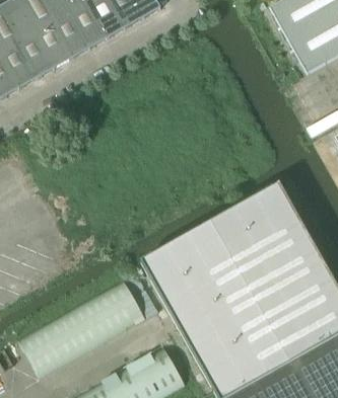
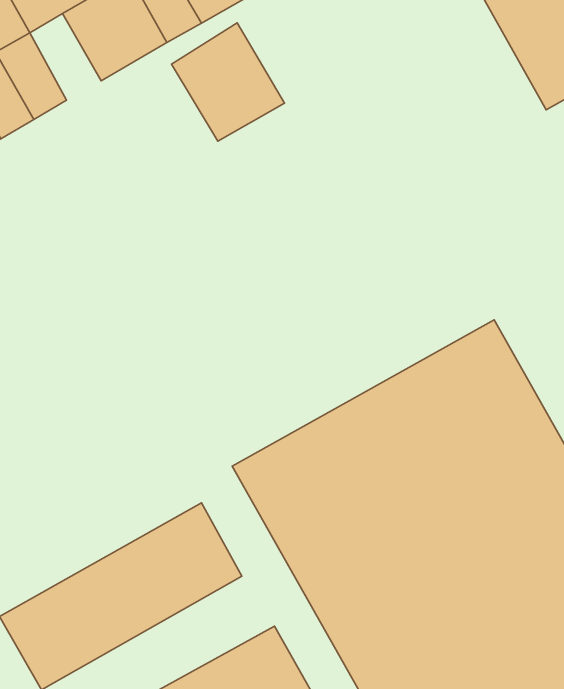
building: [35,22,72,68] -> none
building: none -> [171,23,285,141]

